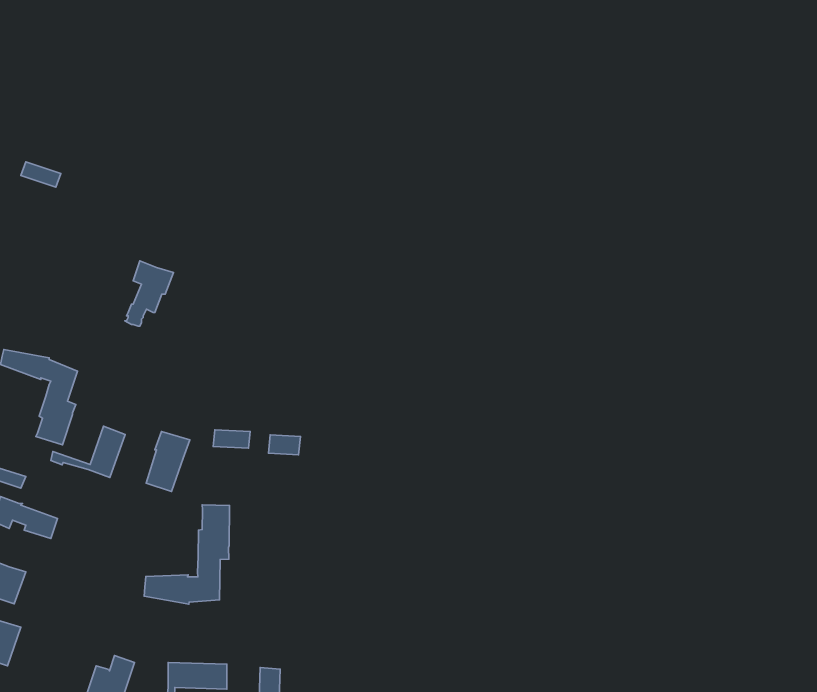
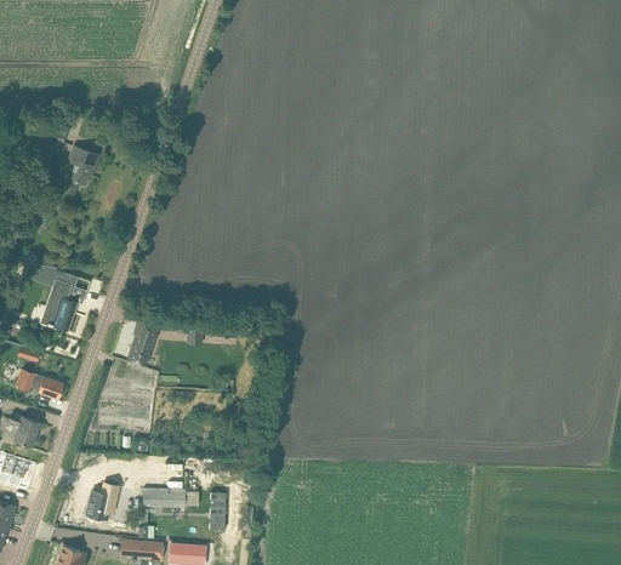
building: [125,261,173,326] -> [63,147,98,194]
building: [51,426,125,478] -> none
building: [144,505,230,604] -> none

